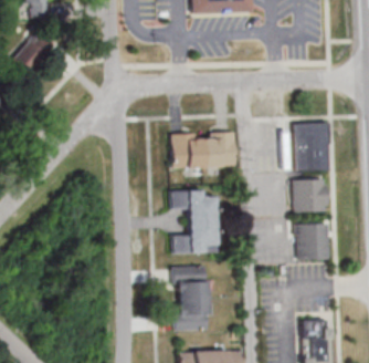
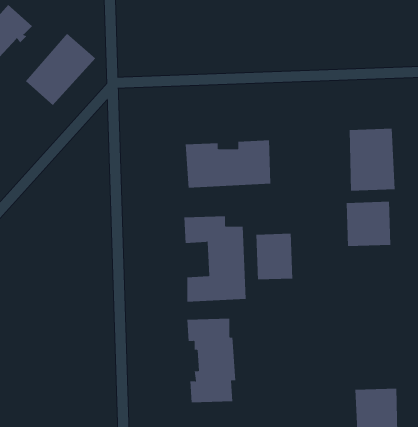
building: none -> [25,33,96,106]
building: none -> [256,233,293,280]
building: [297,224,329,260] -> none

